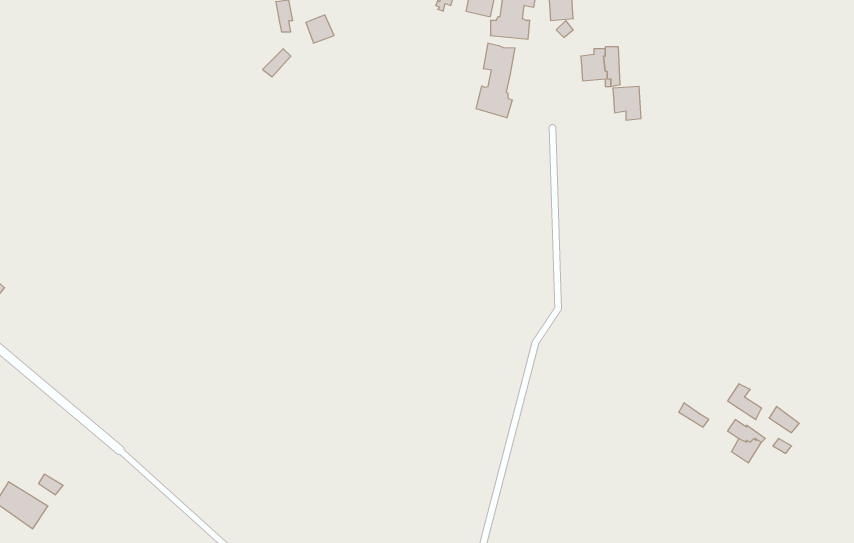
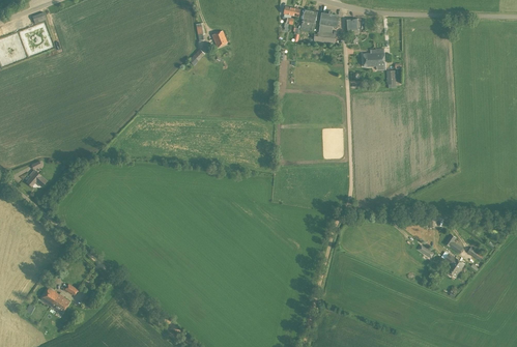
building: [476,43,515,118] -> none

